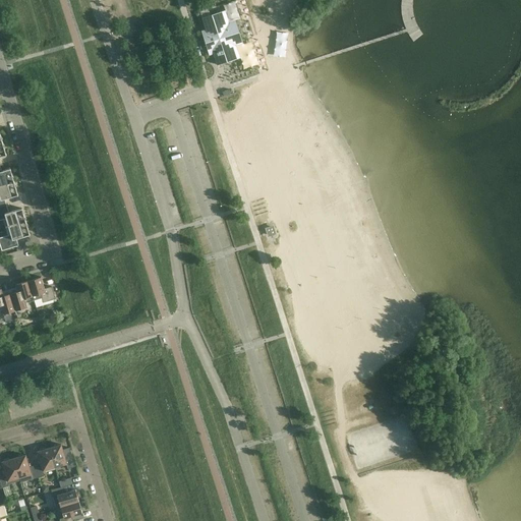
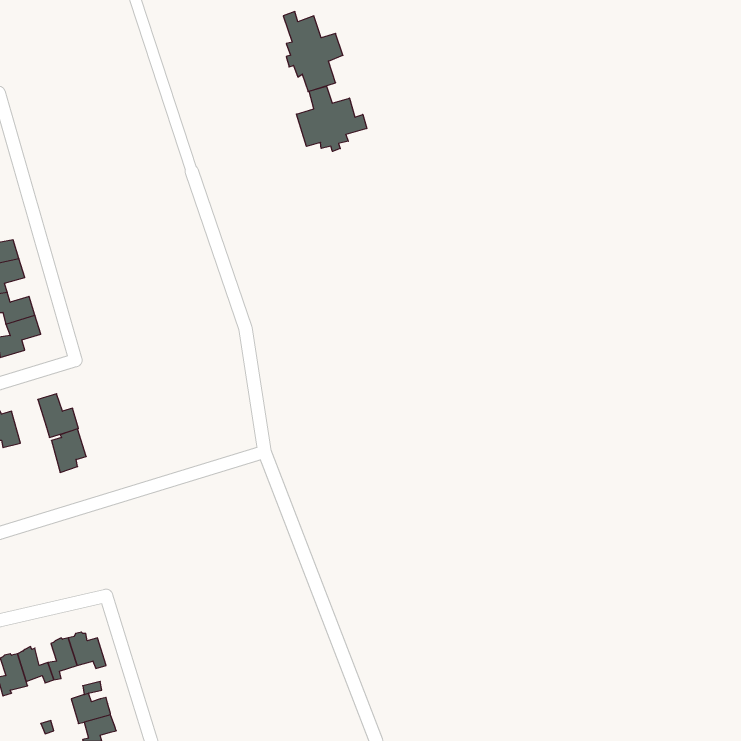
building: none -> [296,86,367,151]
building: [8,280,33,310] -> [51,429,86,472]

